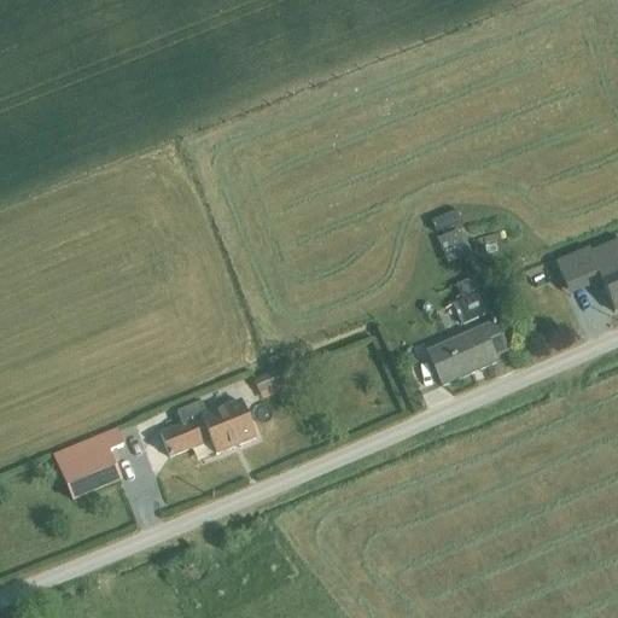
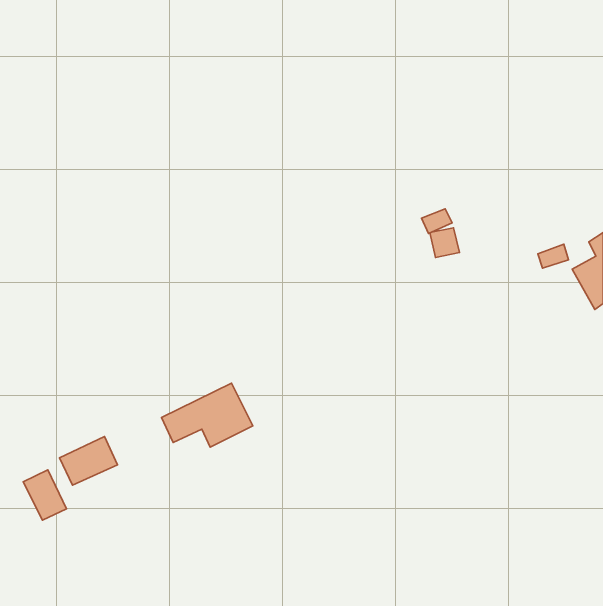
building: [435,293,512,380] -> none
building: none -> [23,470,66,520]

